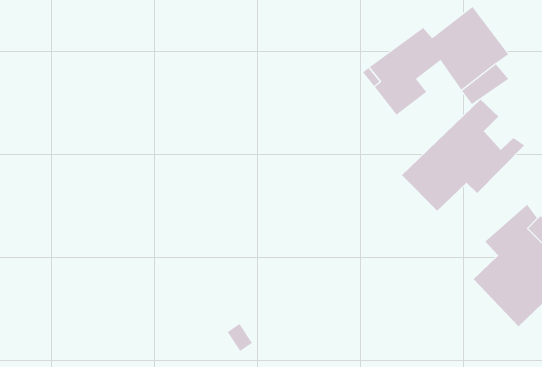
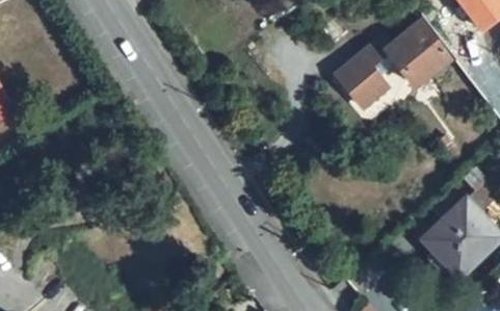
building: [401,99,525,212] -> none

